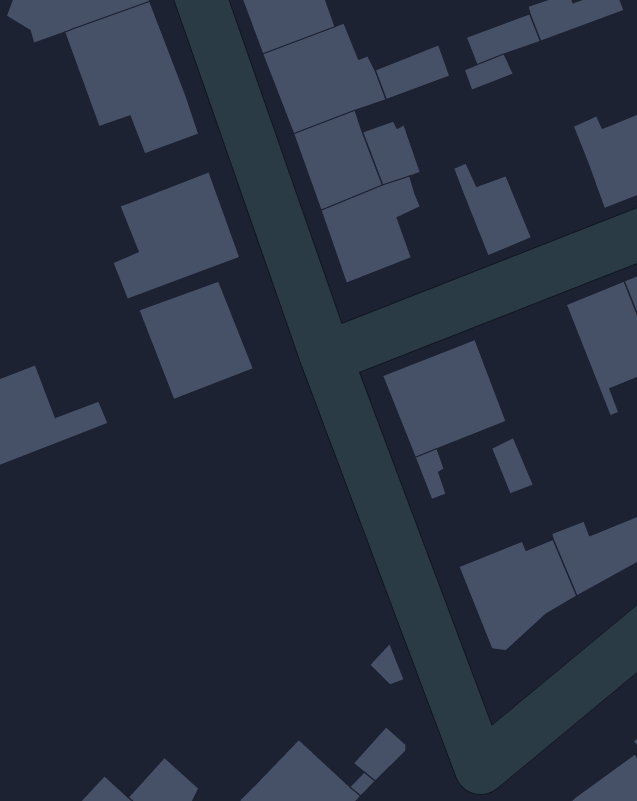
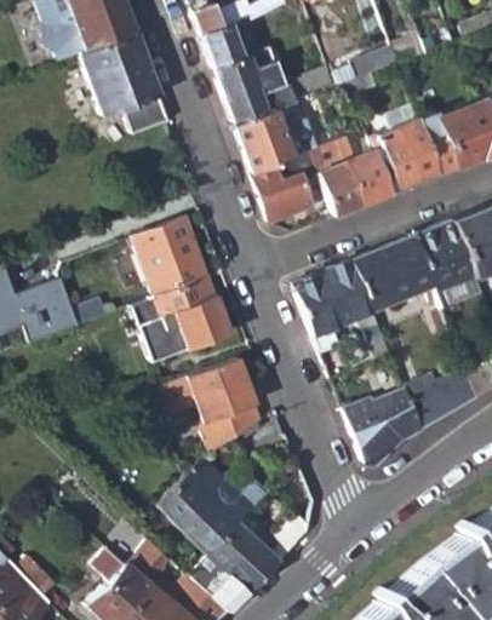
building: none -> [370,101,441,190]
building: [113,172,240,299] -> [143,277,228,362]
building: none -> [315,159,364,213]
building: none -> [355,235,444,312]
building: none -> [161,356,262,453]
building: none -> [158,459,265,555]

